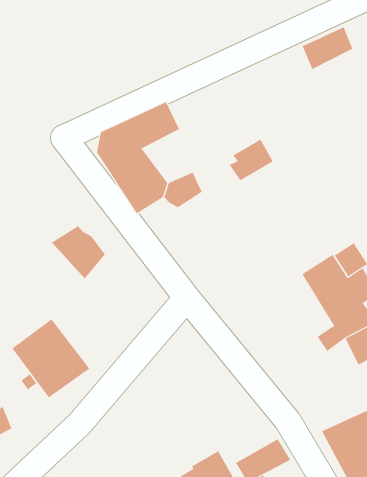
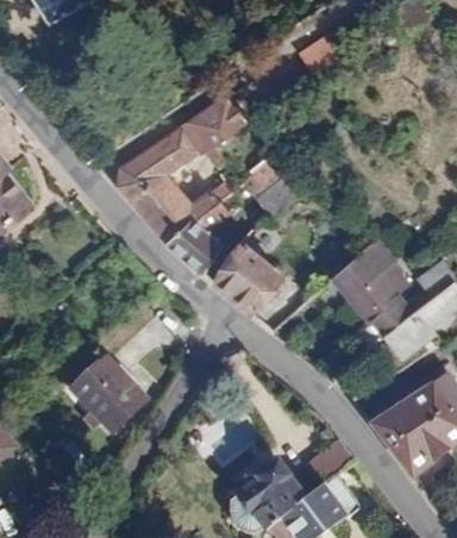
building: none -> [188,94,245,159]
building: none -> [259,170,308,218]
building: none -> [217,240,284,311]
building: [51,226,106,280] -> [167,220,221,271]

